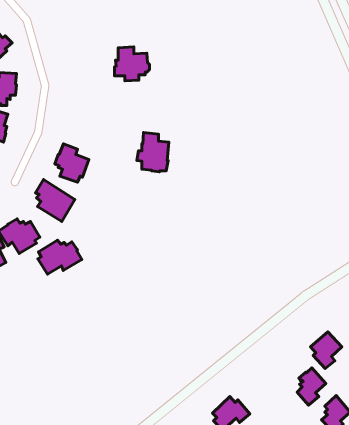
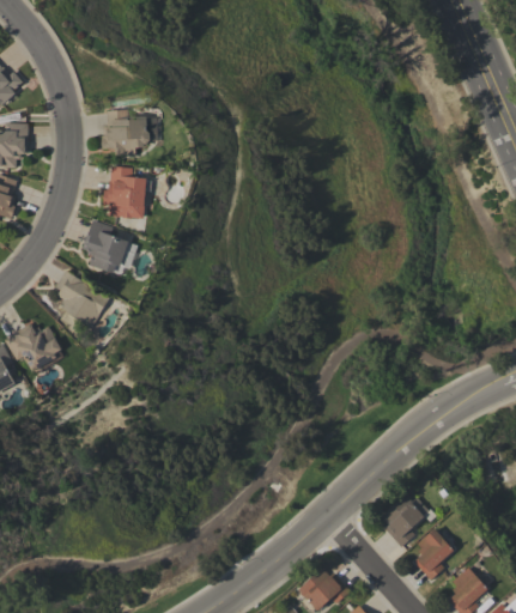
building: [115,47,149,81] -> [102,109,150,156]
building: [137,133,169,172] -> [102,165,146,219]
building: [38,240,82,274] -> none
building: [310,332,342,369] -> [381,496,424,546]

